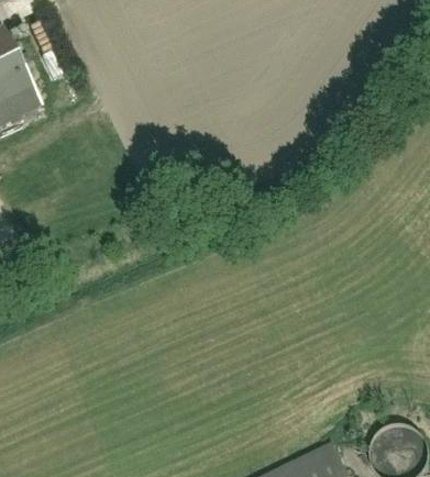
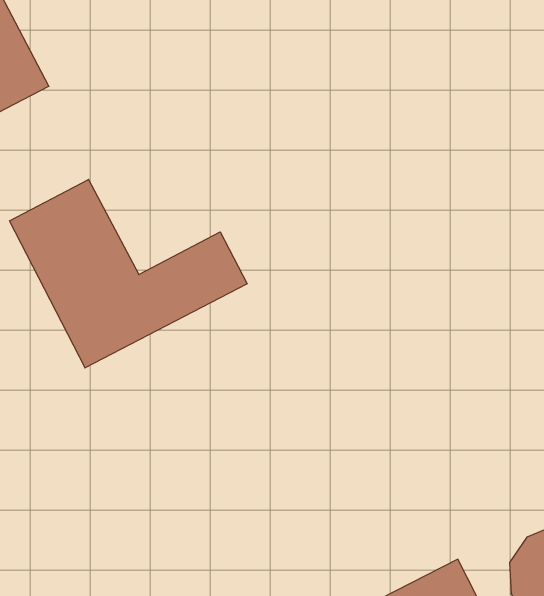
building: none -> [10,179,247,368]

